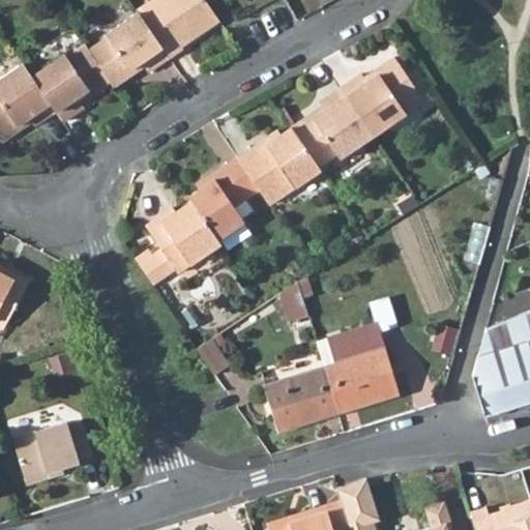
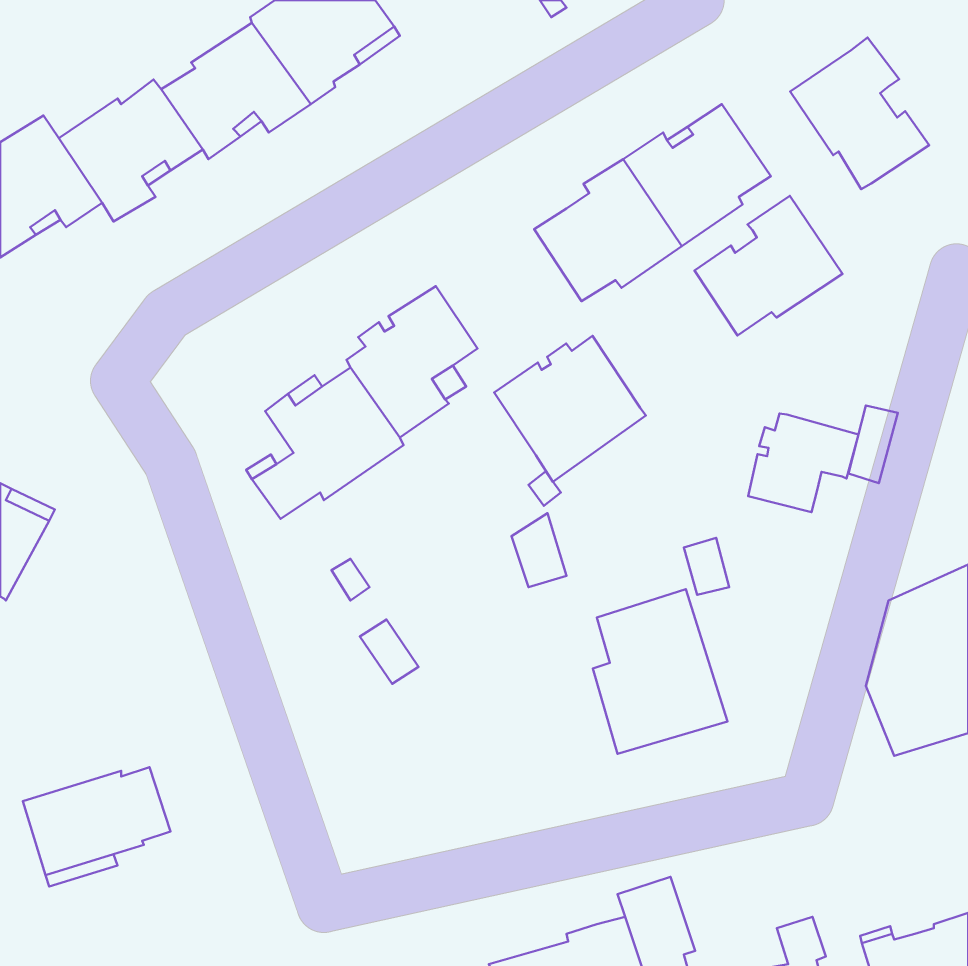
building: none -> [790,37,929,189]
building: none -> [694,196,843,336]
building: [238,126,321,206] -> [494,336,646,482]
building: none -> [748,414,858,512]
building: [264,366,337,431] -> none

